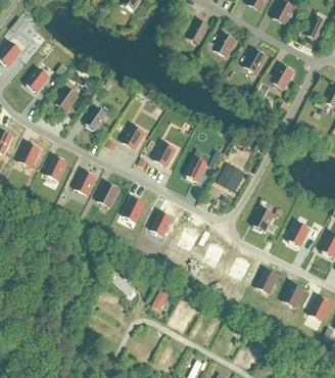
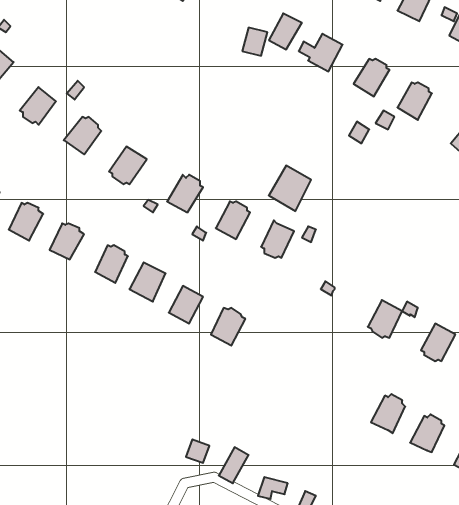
building: [219,162,246,192] -> [269,166,311,211]

